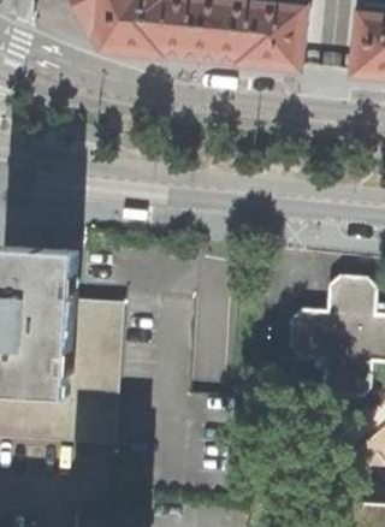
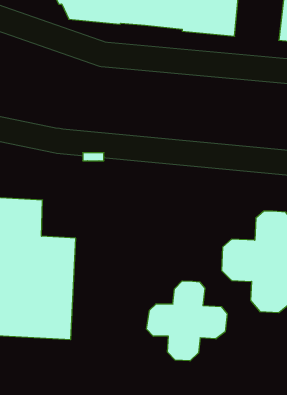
building: none -> [146,281,227,361]

